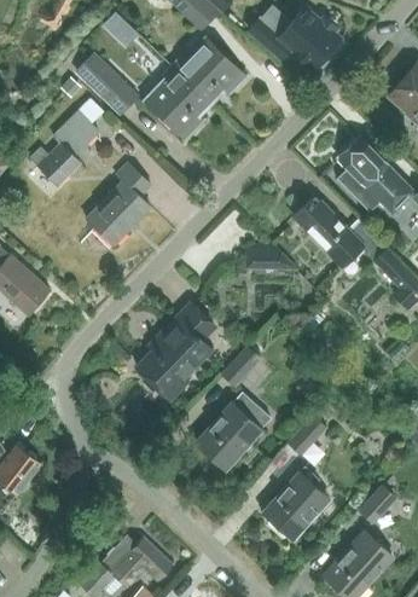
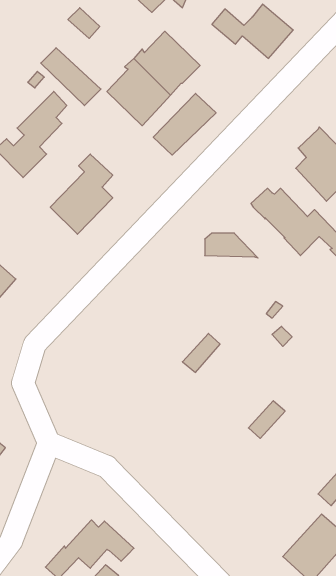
building: none -> [153,93,216,155]
building: [137,303,216,401] -> none
building: [197,393,271,468] -> none
building: [266,466,329,538] -> none

